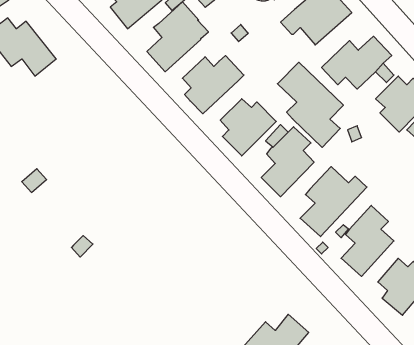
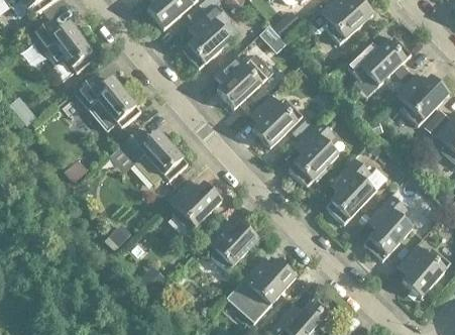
building: [277,62,343,147] -> none
building: none -> [75,75,141,130]
building: none -> [121,129,188,184]
building: none -> [168,180,222,232]
building: none -> [205,219,258,271]
building: none -> [229,258,296,320]

